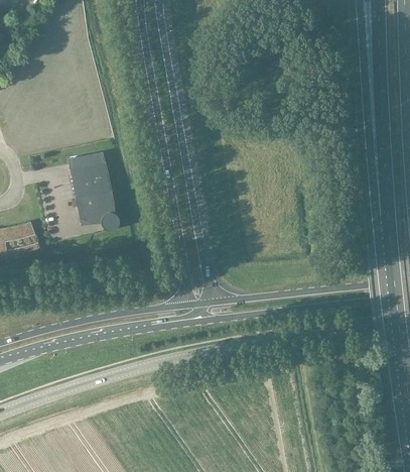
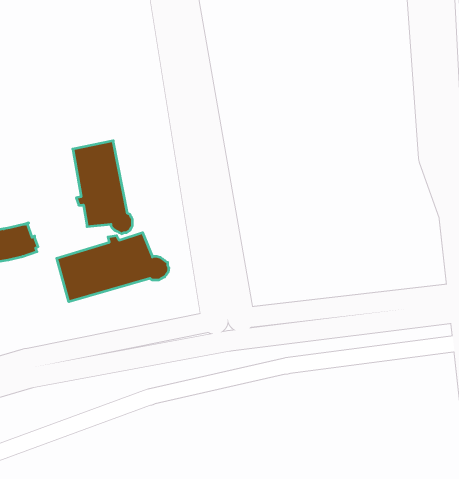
building: none -> [57,233,169,302]

